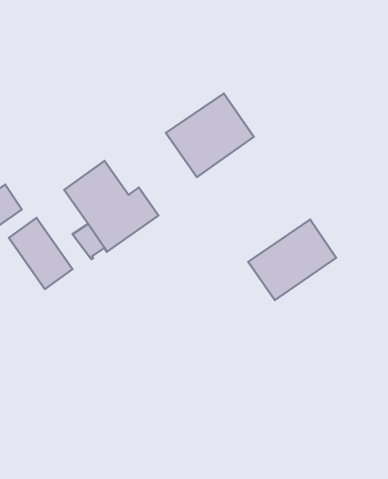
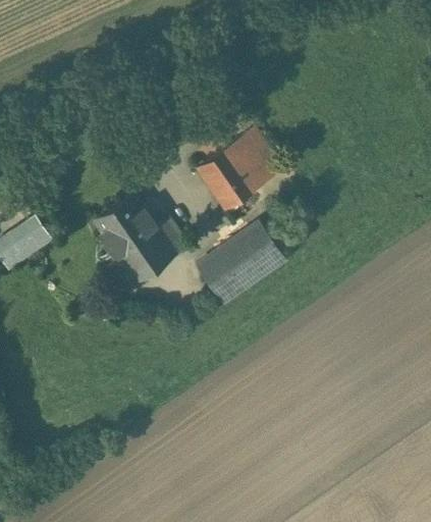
building: [9,218,72,289] -> none
building: [248,219,336,300] -> [197,222,283,302]

